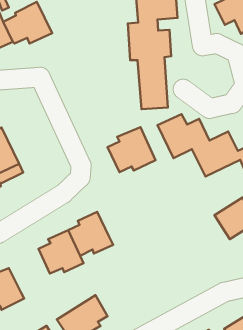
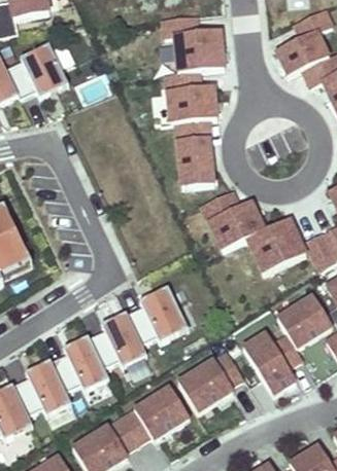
building: [107,127,156,172] -> [125,287,187,345]
building: none -> [241,332,301,394]
building: none -> [179,354,244,415]
building: none -> [11,360,69,415]
building: none -> [123,390,190,446]

